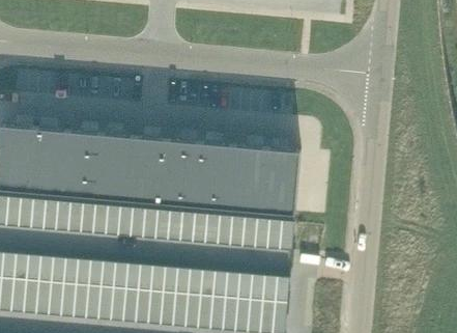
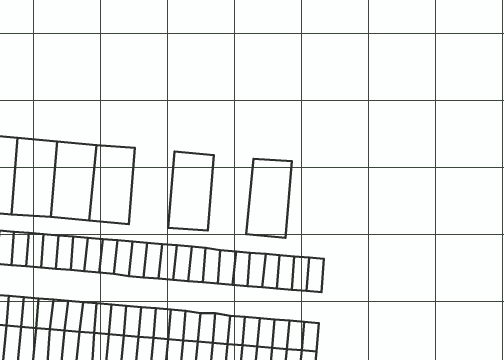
building: [128,133,167,200] -> none
building: [195,139,233,205] -> none
building: [260,144,301,212] -> none

